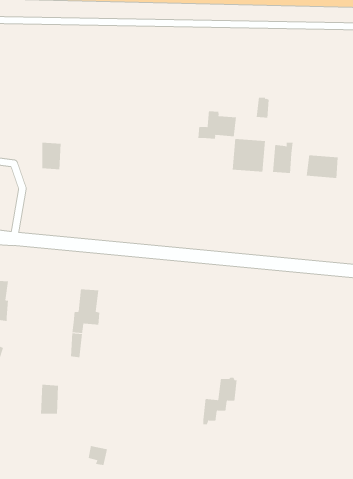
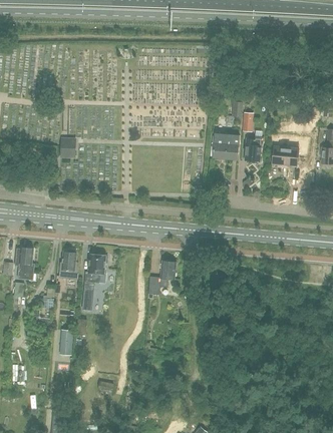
building: [198,110,236,140] -> none
building: none -> [59,251,79,279]
building: [202,377,238,425] -> [148,260,177,298]

